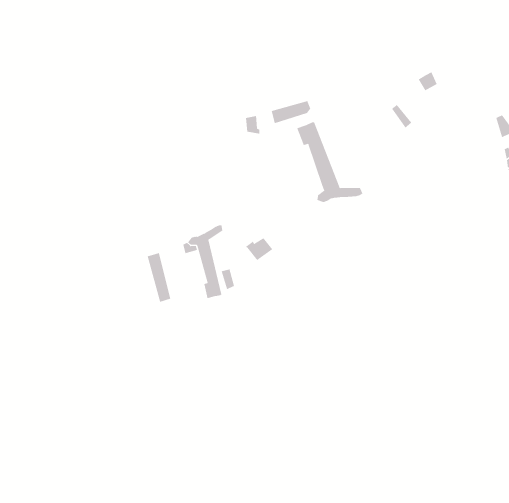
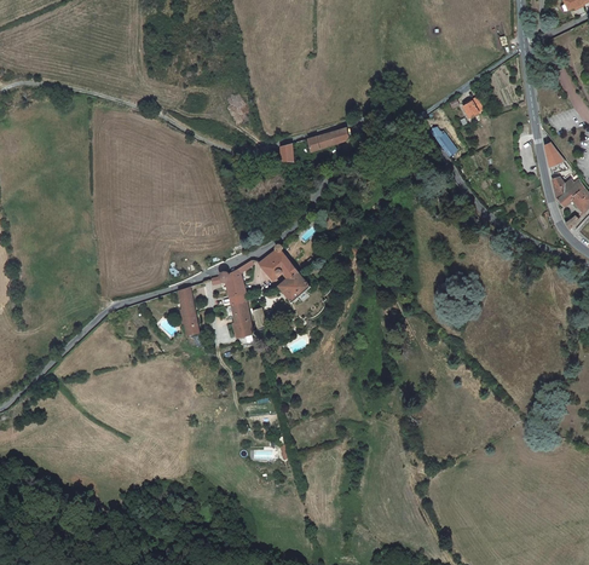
building: [297,122,363,203] -> none
building: none -> [262,242,299,277]

